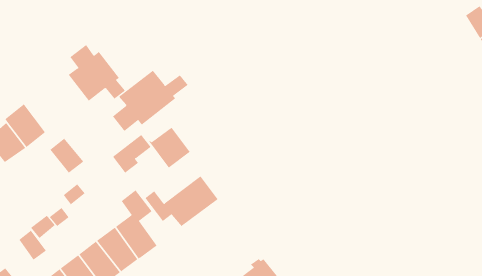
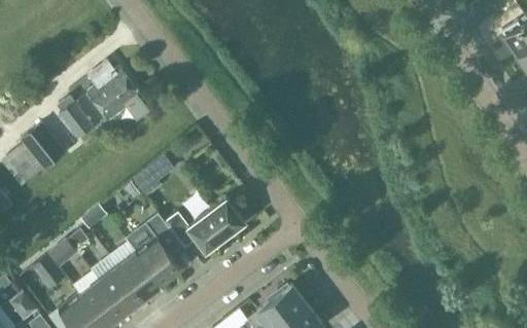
building: [112,70,189,132] -> none
building: [149,127,191,169] -> none
building: [50,138,84,173] -> [58,102,94,139]

